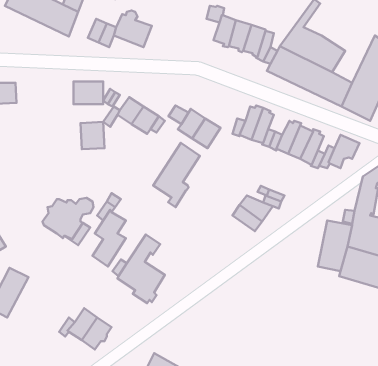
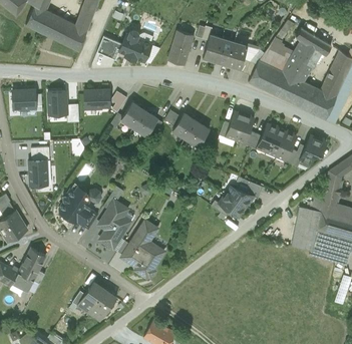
building: none -> [294,28,332,64]
building: none -> [168,30,195,66]
building: [81,122,104,149] -> [47,92,67,115]
building: [153,143,200,207] -> none
building: none -> [28,162,47,188]

